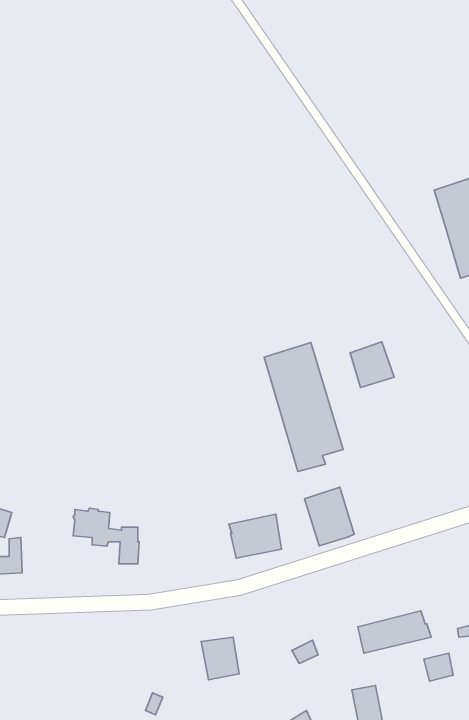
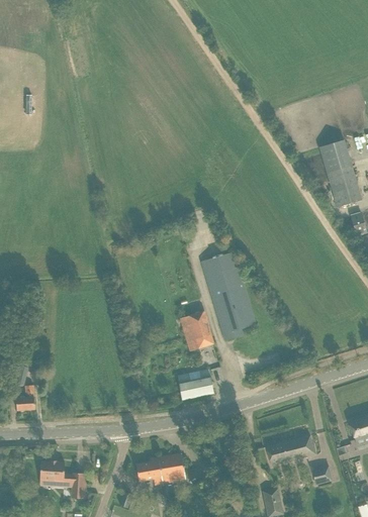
building: [350,342,394,387] -> none
building: [305,487,354,546] -> [179,311,213,351]
building: [73,508,139,564] -> [39,460,85,499]
building: none -> [135,457,163,486]

